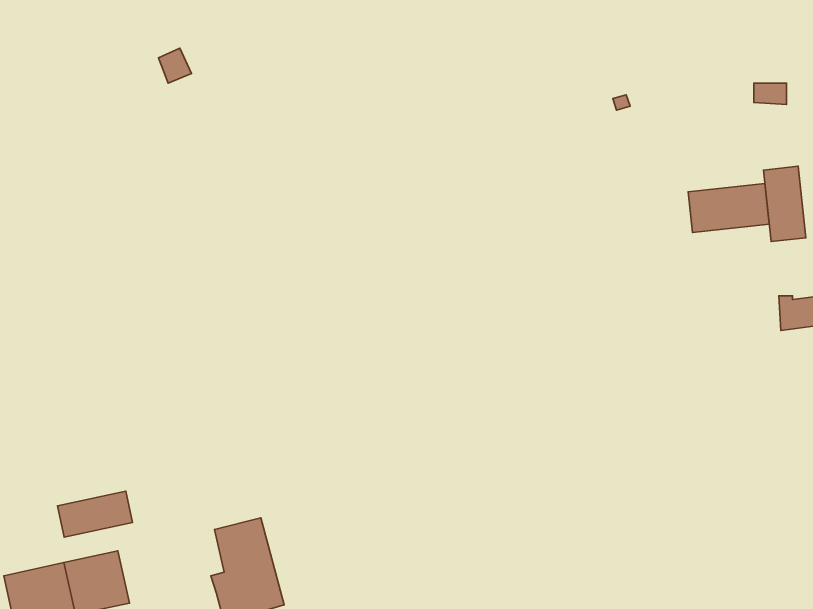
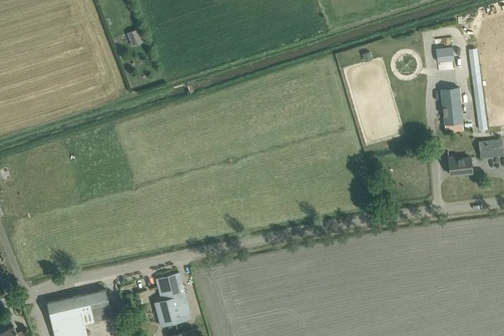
building: [688,183,769,232] -> none
building: [58,491,133,537] -> none

